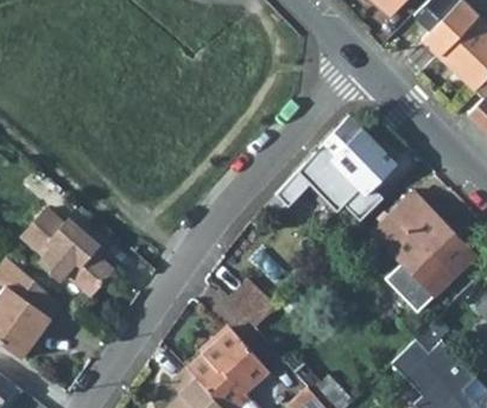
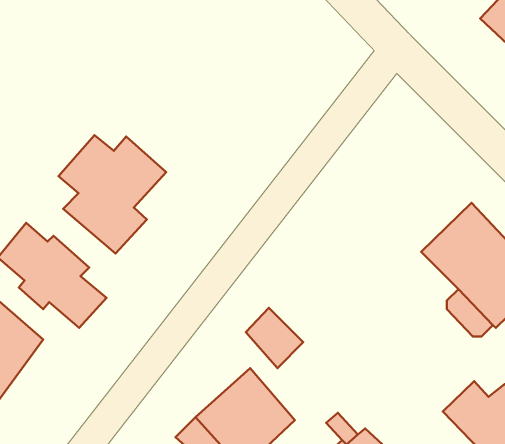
building: [276,116,396,223] -> none
building: none -> [58,135,166,254]

